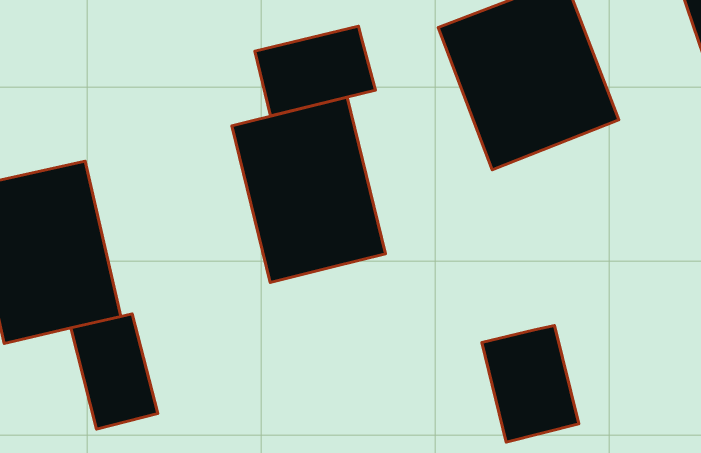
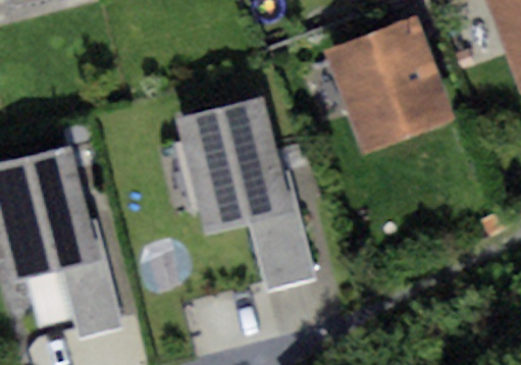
building: [255,26,376,116] -> none
building: [482,325,579,442] -> [249,208,318,292]

